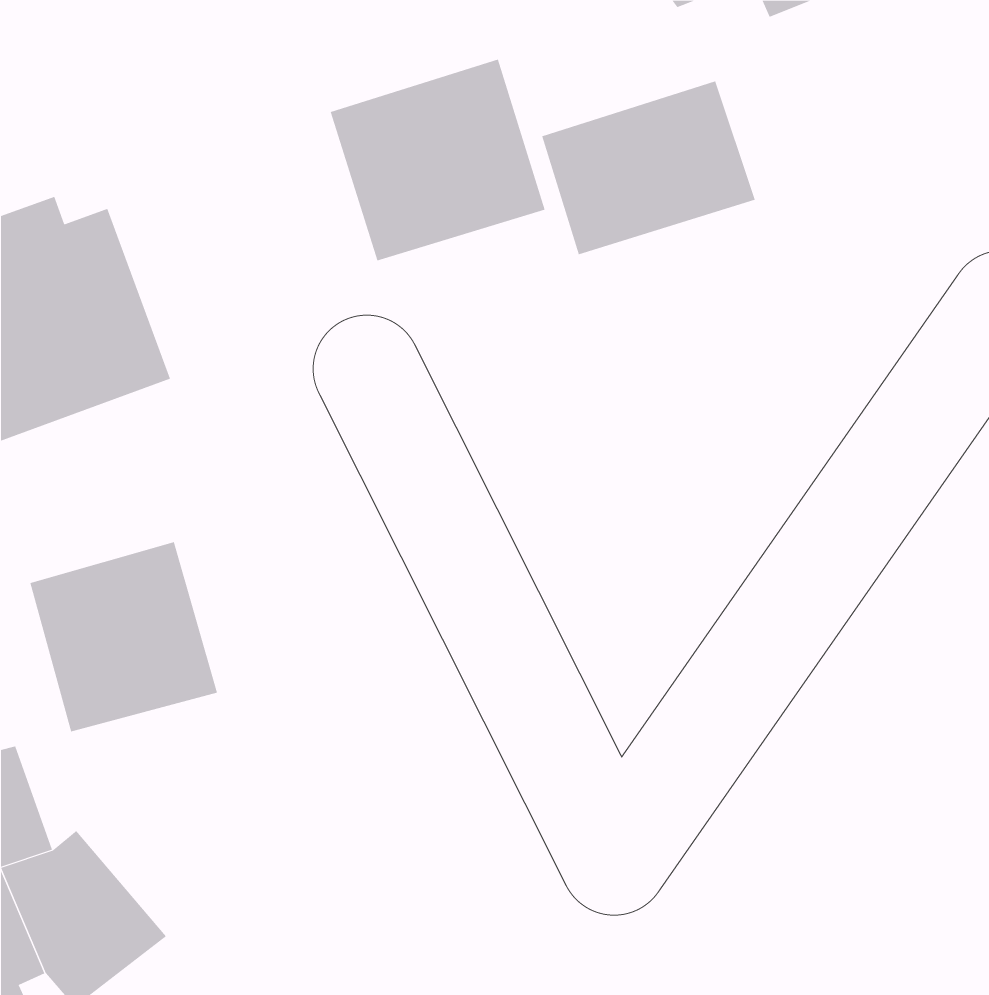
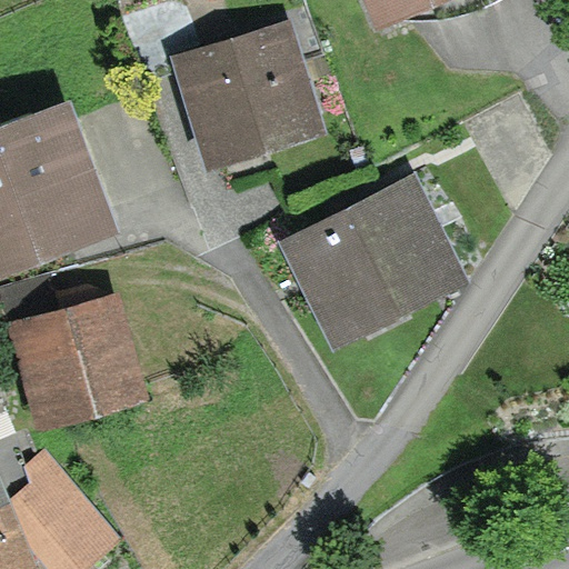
building: [541,81,756,255] -> none
building: none -> [305,193,455,329]

